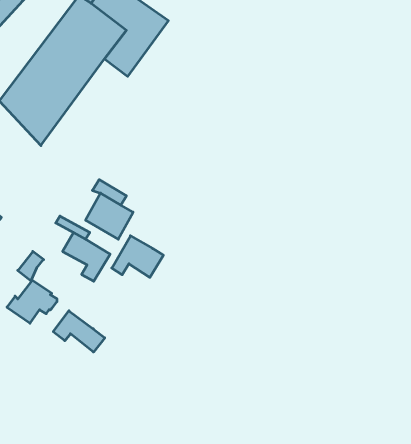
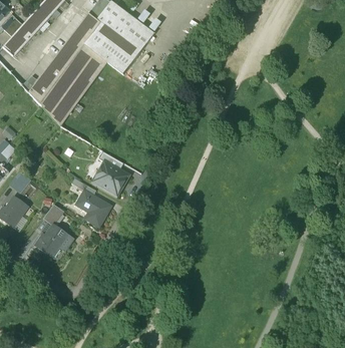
building: [112,236,163,277] -> none
building: [53,311,105,352] -> none

